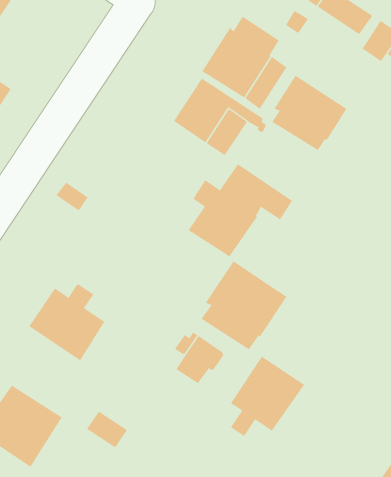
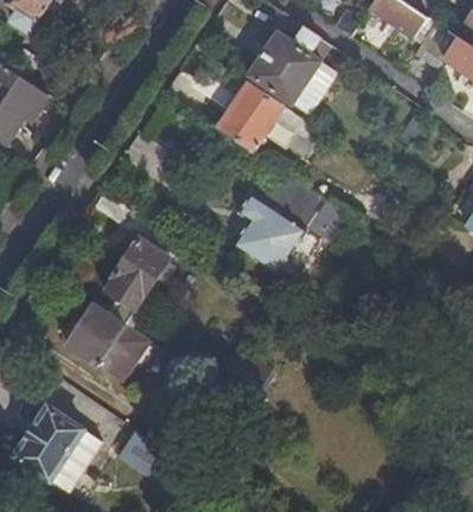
building: [271,75,347,151] -> none
building: none -> [103,237,170,311]
building: [201,260,287,350] -> none
building: [230,356,305,437] -> none

